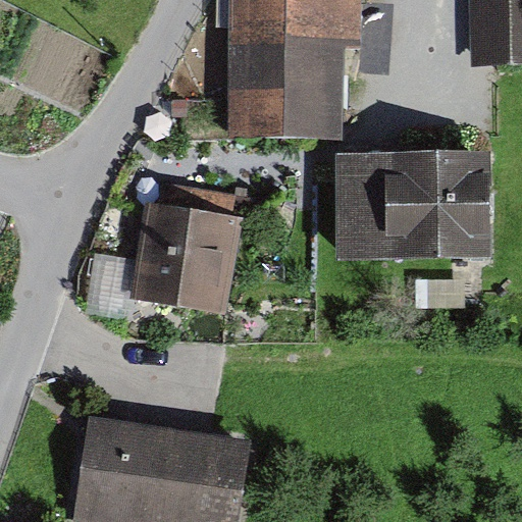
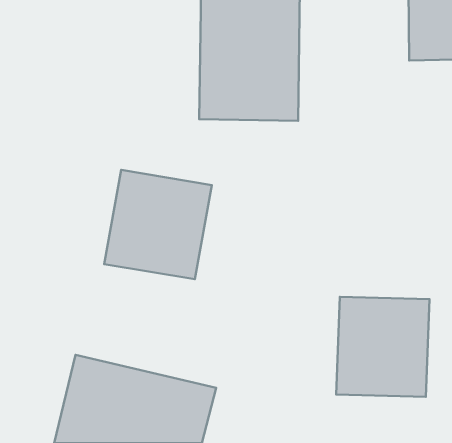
building: [333,150,490,265] -> none
building: none -> [336,297,429,397]

